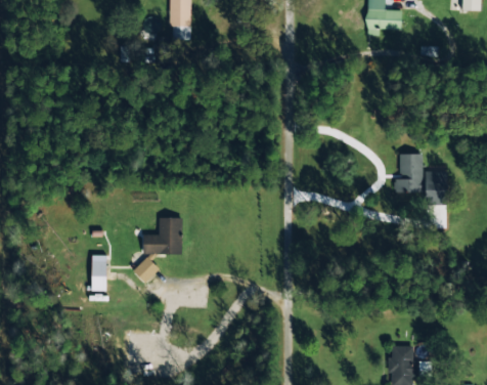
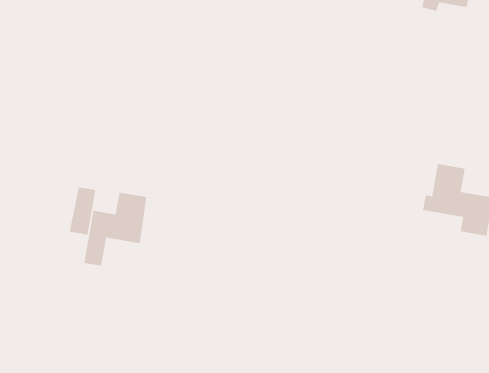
building: [91,255,106,291] -> [69,187,96,235]

